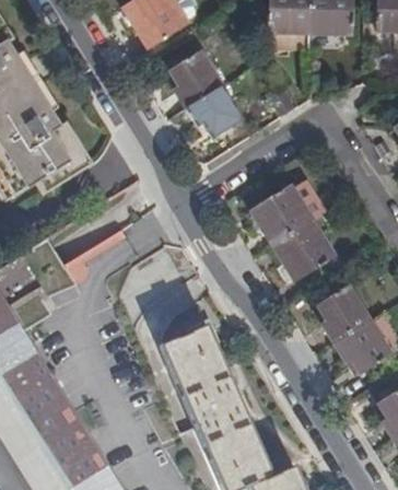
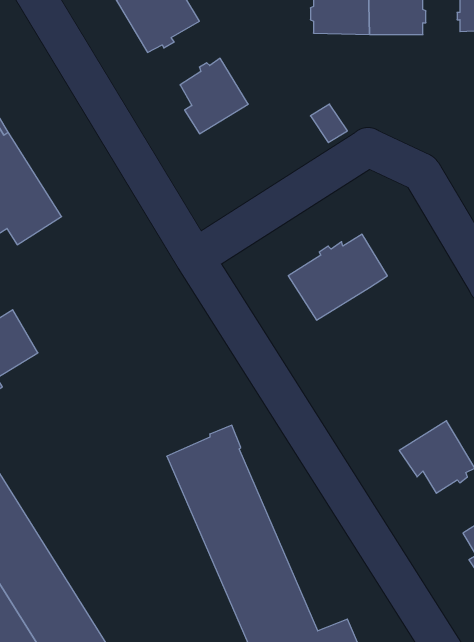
building: [185,84,241,136] -> none
building: [271,220,330,278] -> none
building: [319,287,367,340] -> none

